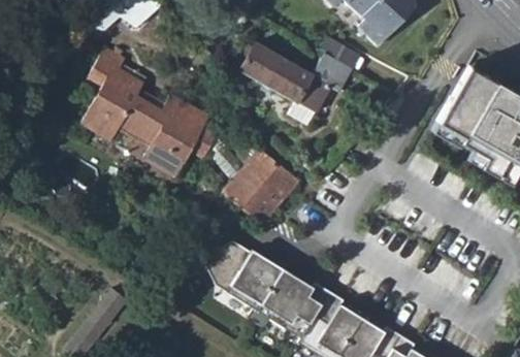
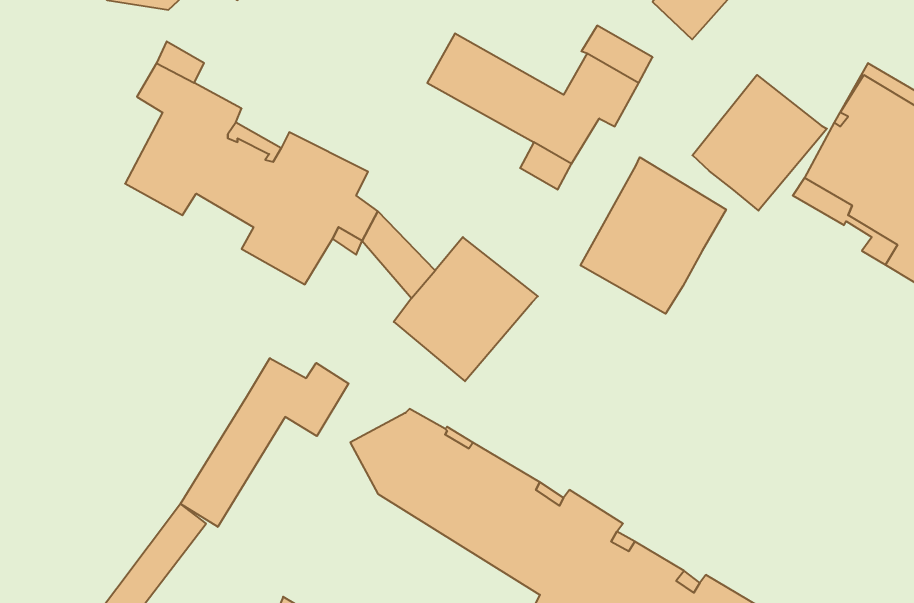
building: none -> [692,75,827,211]
building: none -> [581,157,726,314]
building: none -> [180,358,349,527]

